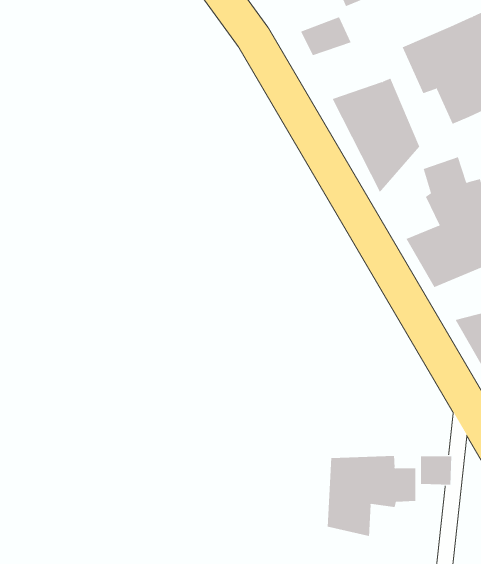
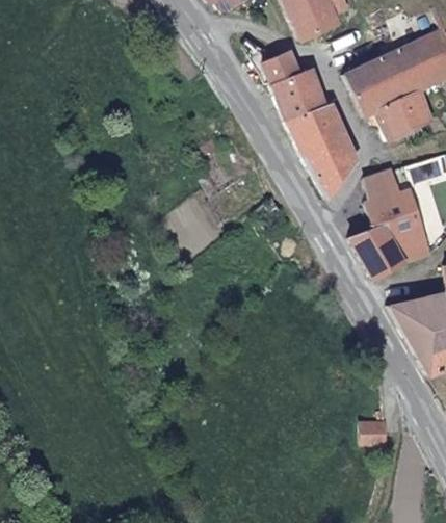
building: none -> [268,63,327,117]
building: [327,455,416,537] -> none

